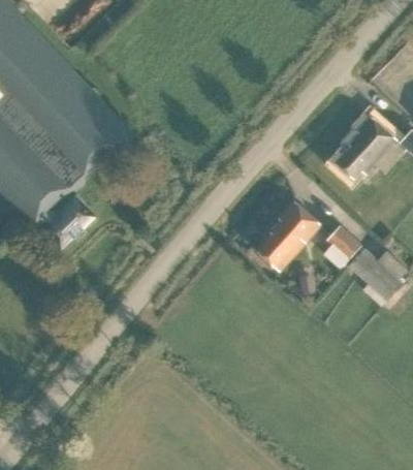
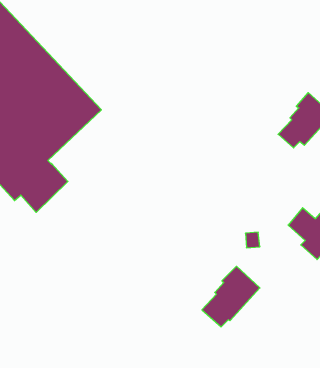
building: [252,196,318,265] -> [202,266,260,327]
building: [320,221,357,256] -> none

